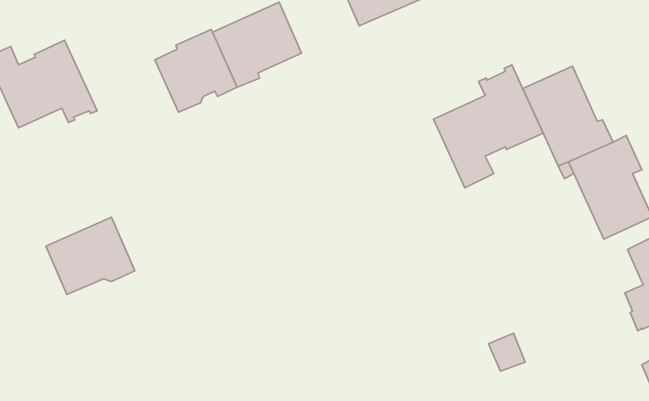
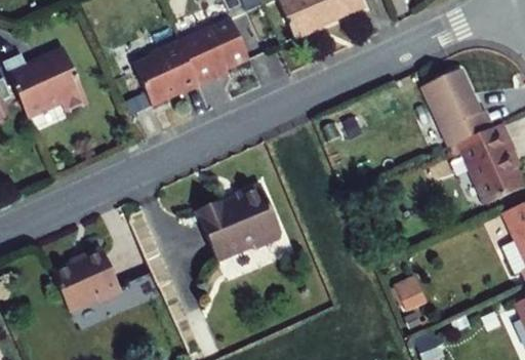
building: [433,65,543,188] -> none
building: none -> [197,183,283,261]
building: [46,217,135,295] -> [52,249,122,310]

